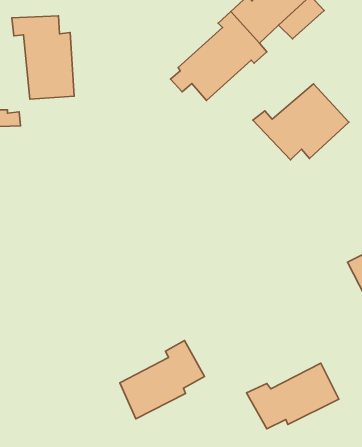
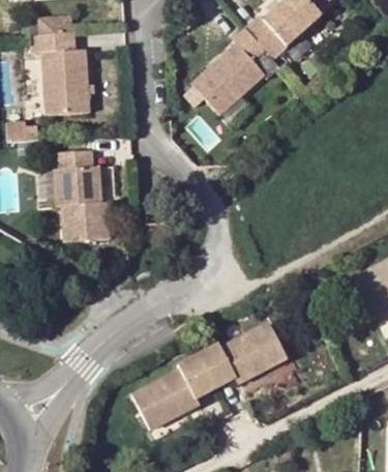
building: [253,84,349,160] -> none
building: none -> [54,148,111,240]
building: [247,363,339,429] -> [198,322,288,386]

